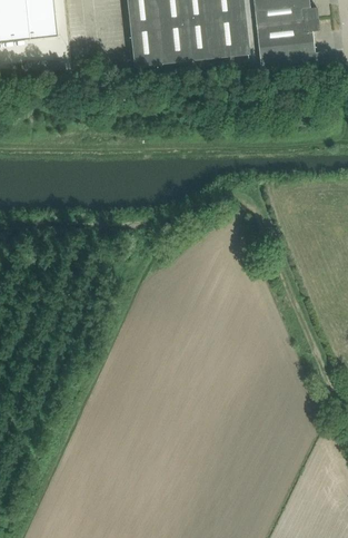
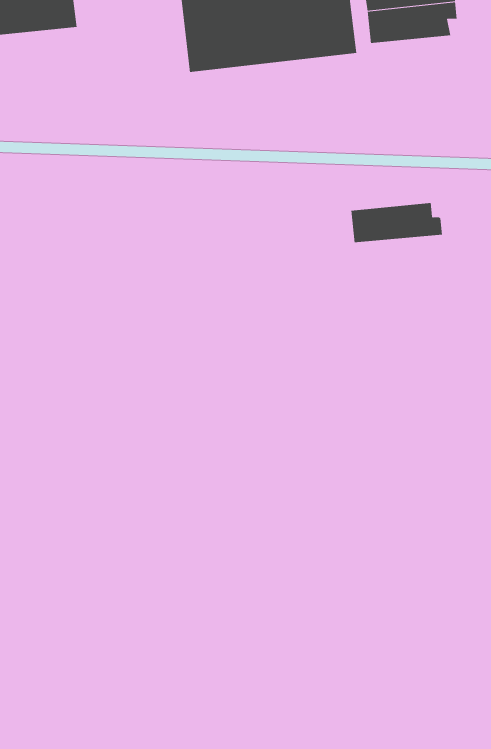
building: [259,40,322,68] -> [350,202,443,243]

